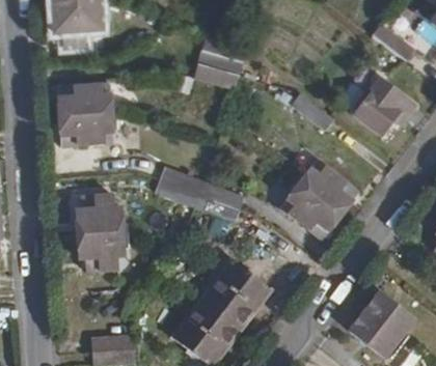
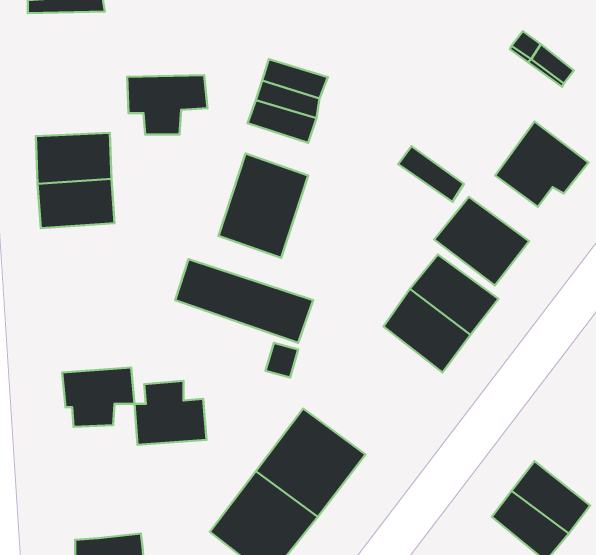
building: [57,8,108,46] -> [127,75,207,134]
building: none -> [218,153,308,258]
building: none -> [434,197,529,285]
building: [77,196,122,236] -> [134,381,206,445]

